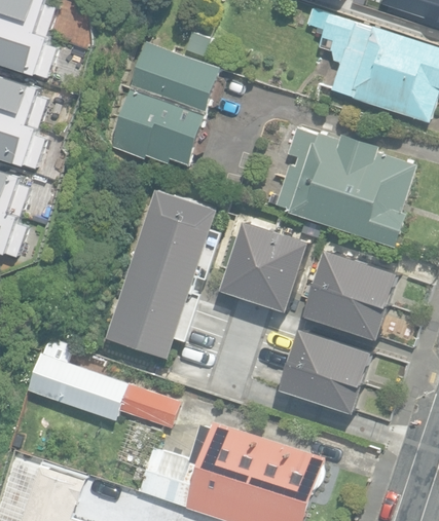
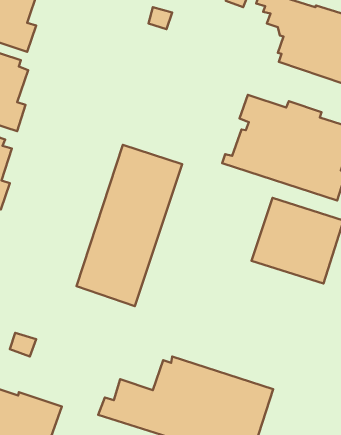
building: [108,40,220,163] -> none
building: [218,214,315,315] -> none
building: [275,313,380,419] -> none
building: [28,337,179,427] -> none

